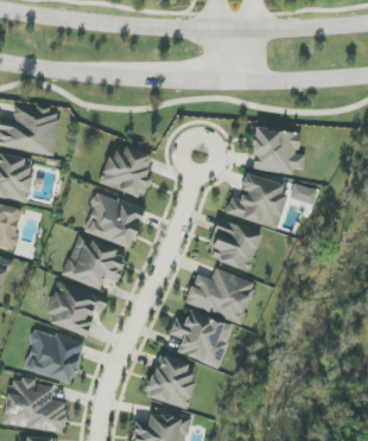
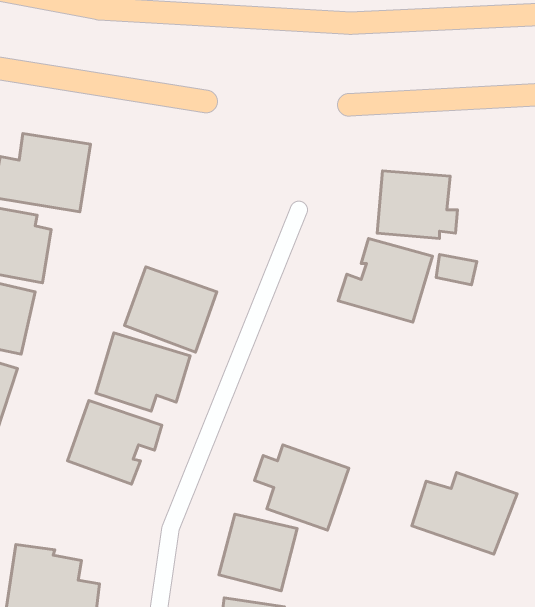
building: [100,146,152,199] -> none
building: [207,219,261,271] -> none
building: [186,268,256,322] -> [412,472,517,554]
building: [24,328,83,383] -> none

